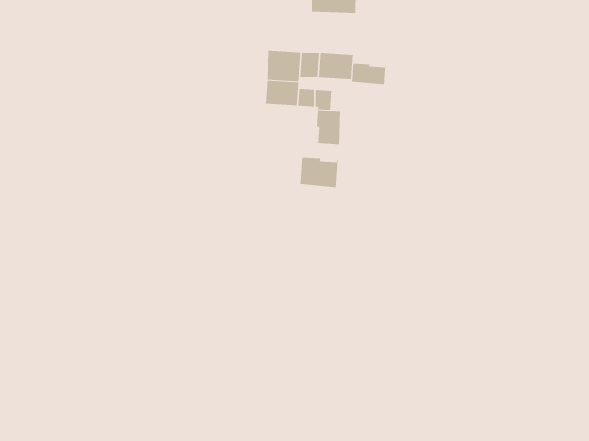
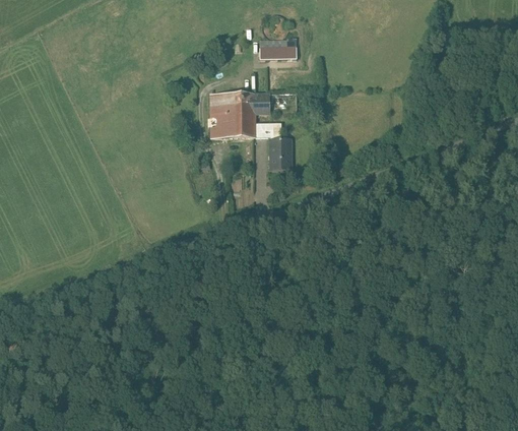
building: none -> [209,93,226,136]
building: [352,63,386,85] -> none
building: [300,157,338,188] -> none

